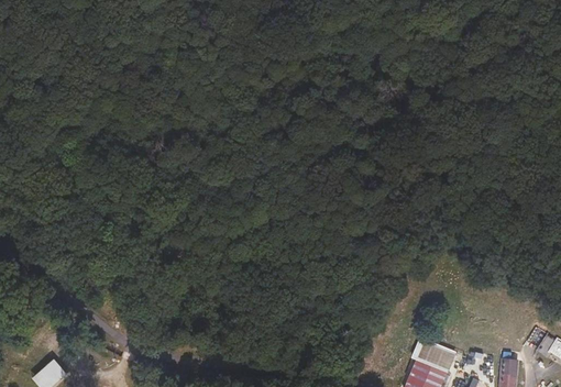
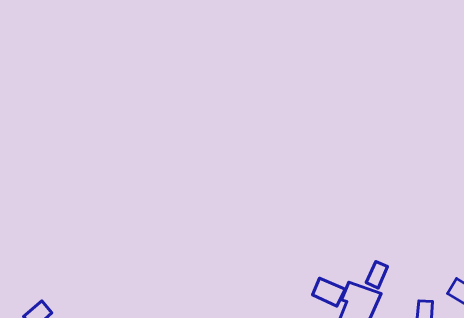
building: none -> [366,262,388,288]
building: none -> [312,278,345,306]

